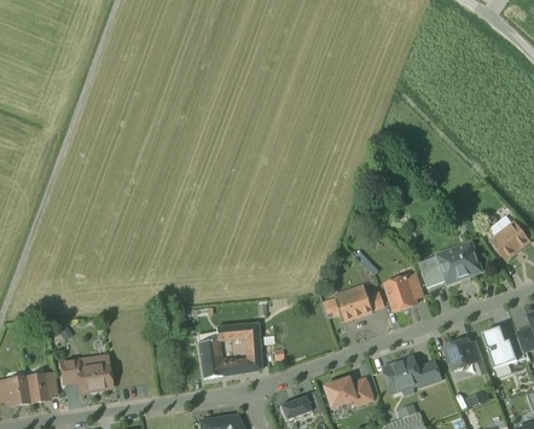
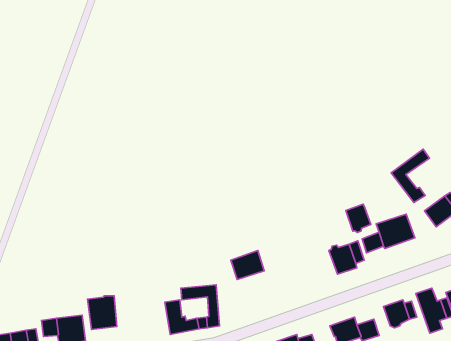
building: none -> [391,149,430,203]
building: none -> [346,204,371,232]
building: [336,288,373,320] -> [231,250,264,279]
building: none -> [88,296,117,330]

